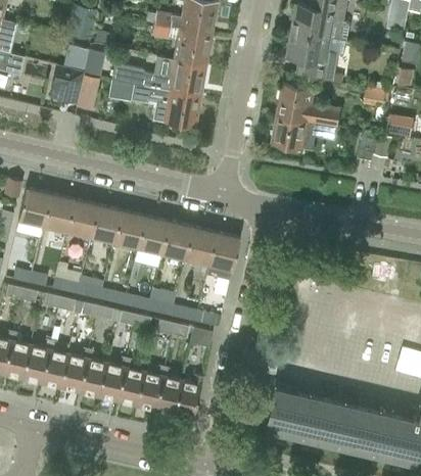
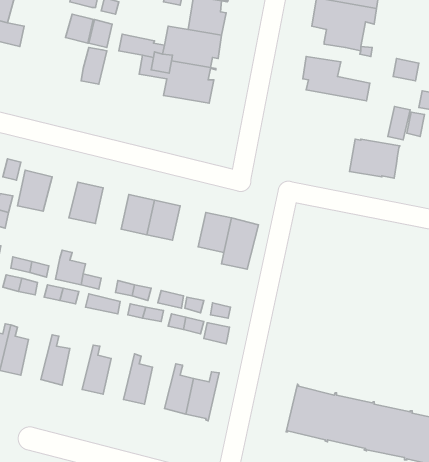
building: [50,66,83,102] -> none
building: [273,115,319,151] -> [350,139,400,178]
building: [42,195,74,233] -> none
building: [90,205,121,243] -> none
building: [160,222,191,259] -> none
building: [21,339,50,381] -> none
building: [59,348,88,390] -> none
building: [97,356,126,399] -> none
building: [135,366,163,408] -> none

